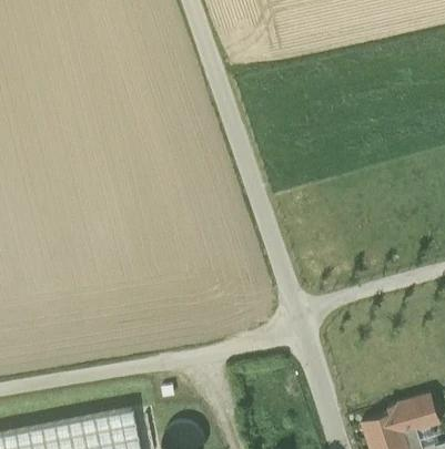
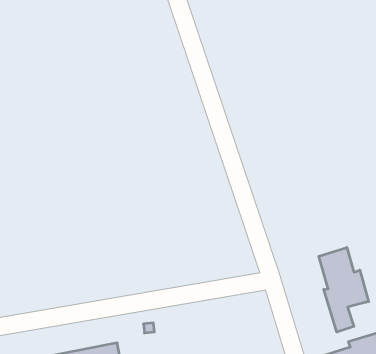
building: none -> [319,247,369,332]

